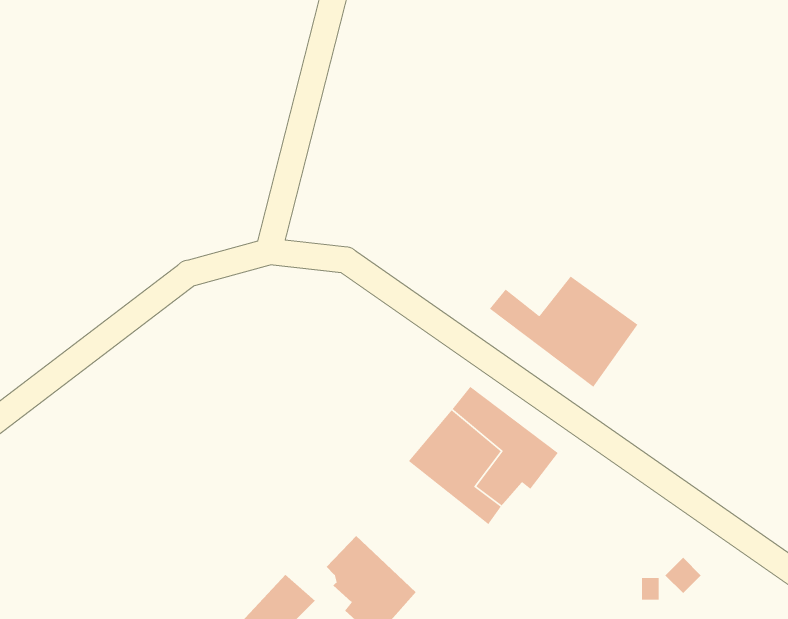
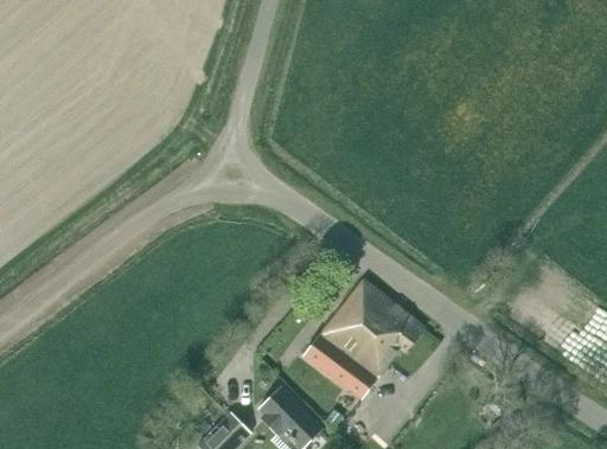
building: [489,275,639,388] -> none
building: none -> [302,333,375,397]

